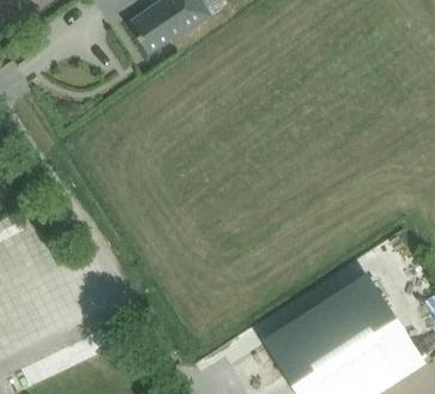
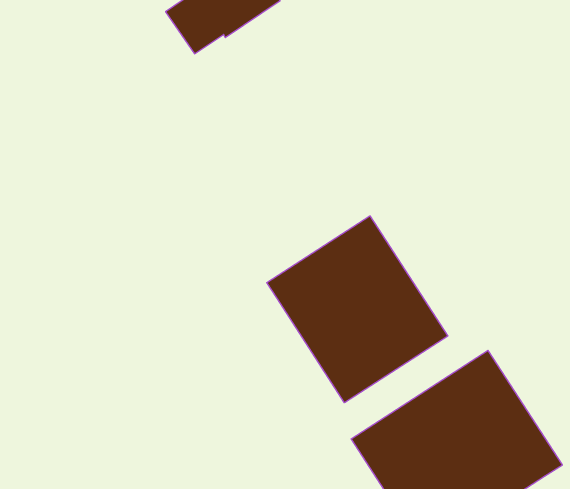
building: none -> [267,216,448,403]

